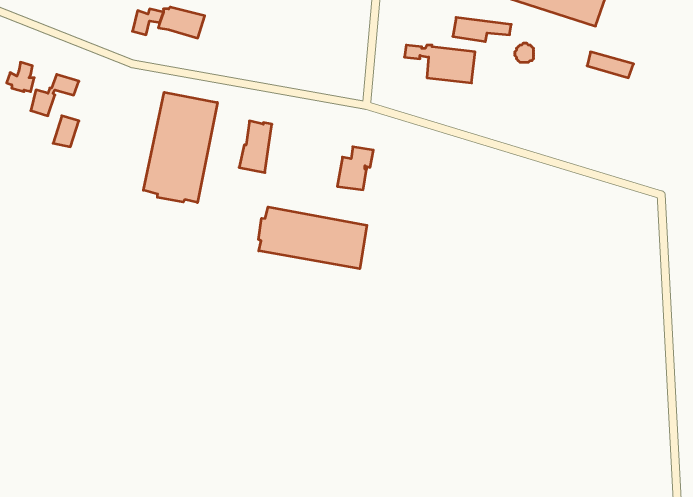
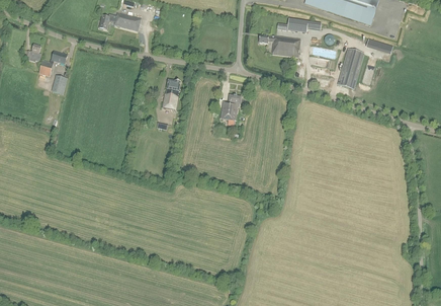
building: none -> [336,50,363,90]
building: [143,92,217,203] -> none
building: [258,207,367,269] -> none

